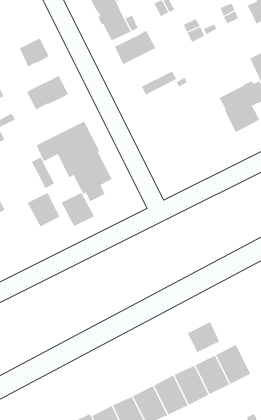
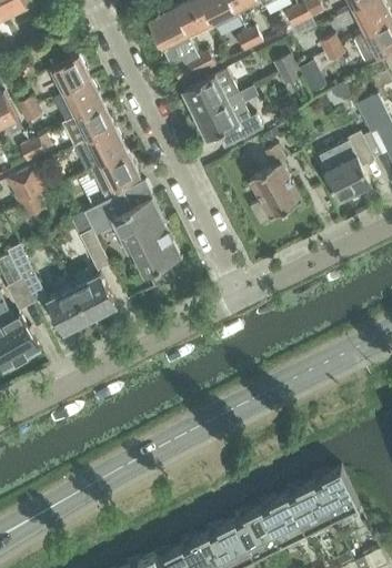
building: none -> [50,54,89,92]
building: none -> [194,92,249,139]
building: none -> [73,102,113,140]
building: none -> [249,144,301,224]
building: none -> [98,151,138,190]
building: [61,192,95,227] -> [46,288,89,333]
building: [187,321,220,353] -> none

